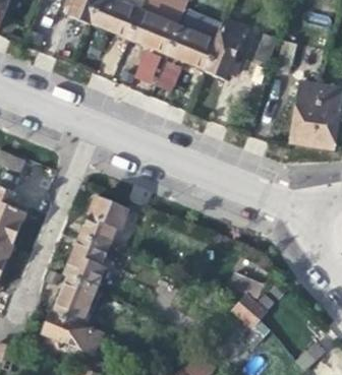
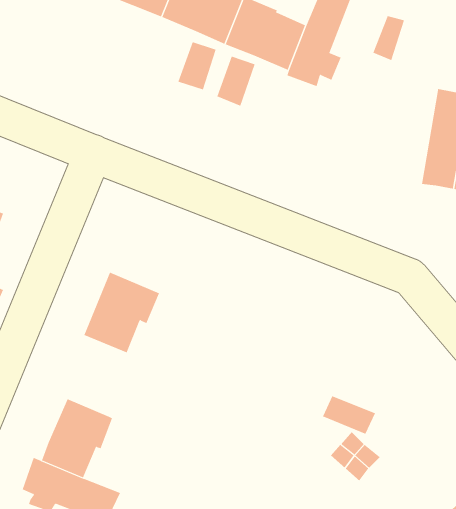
building: [63,236,106,287] -> none

